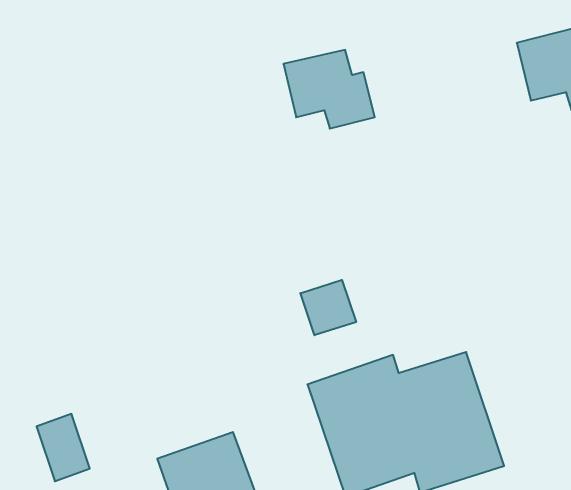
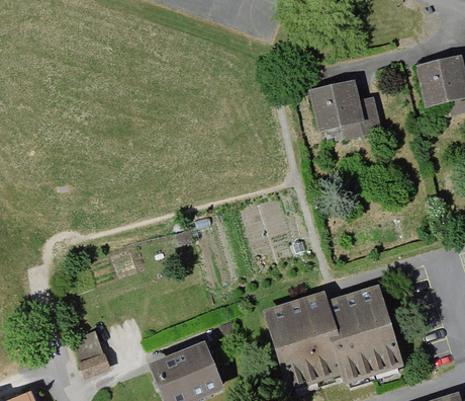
building: [283,50,375,129] -> [312,79,378,136]
building: [300,280,356,335] -> none

